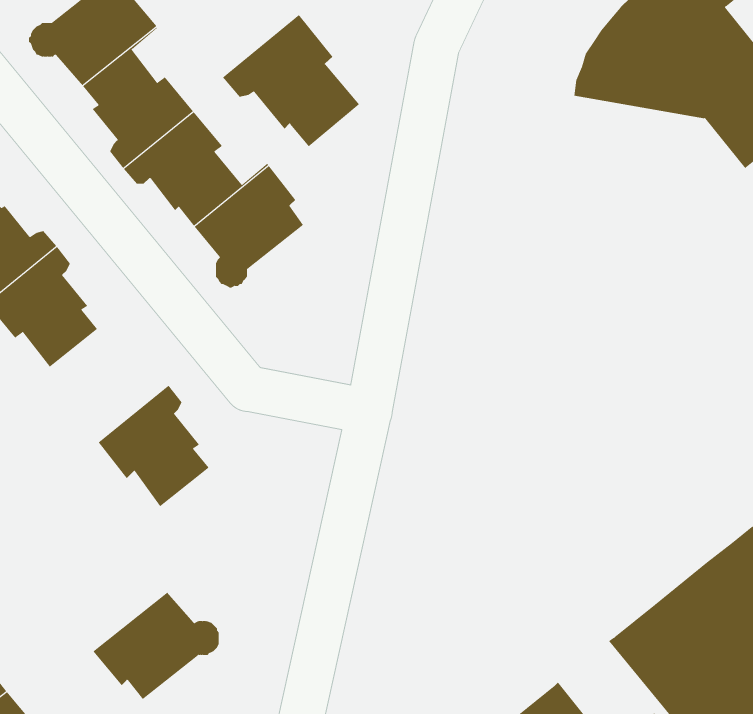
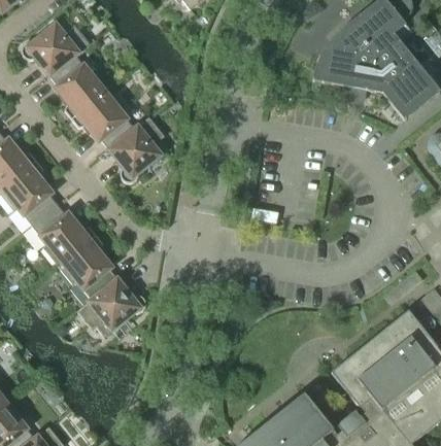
building: [222,14,360,147] -> none
building: none -> [32,205,96,266]
building: [92,592,220,700] -> [77,279,145,337]

